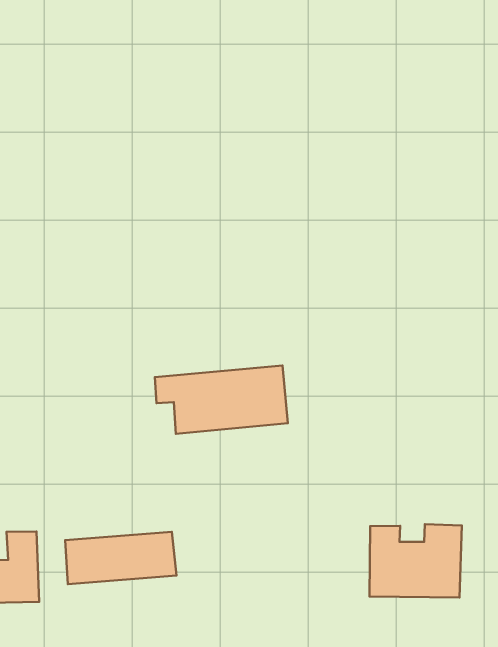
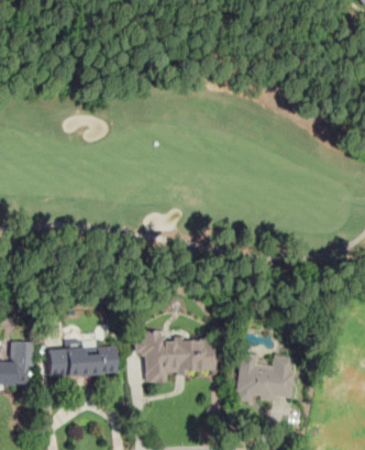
building: [155,365,288,434] -> [135,338,217,376]

